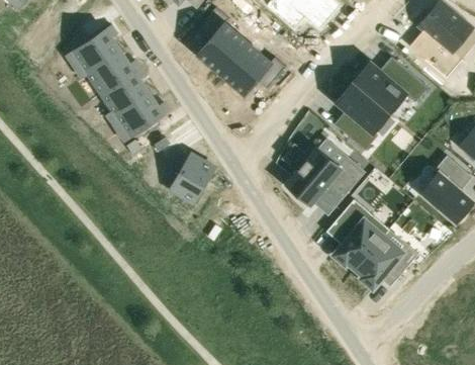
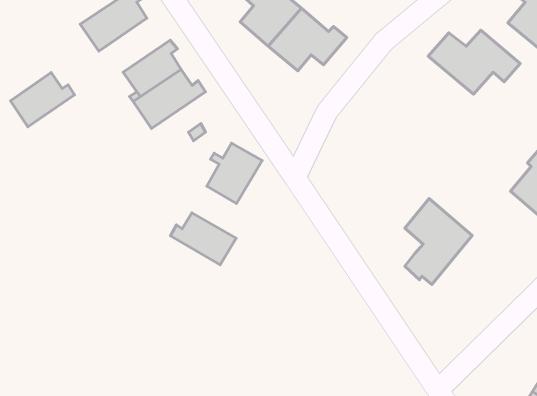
building: [88,50,140,94] -> [11,73,74,127]
building: [336,81,390,150] -> none
building: [287,148,365,208] -> none
building: none -> [170,213,236,265]
building: [356,229,418,288] -> none

